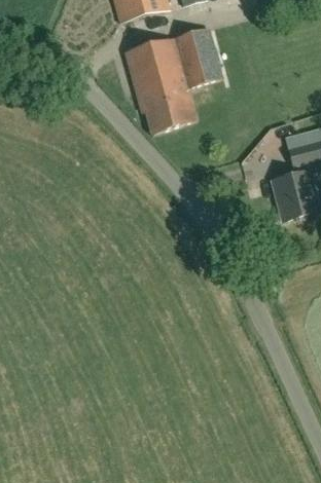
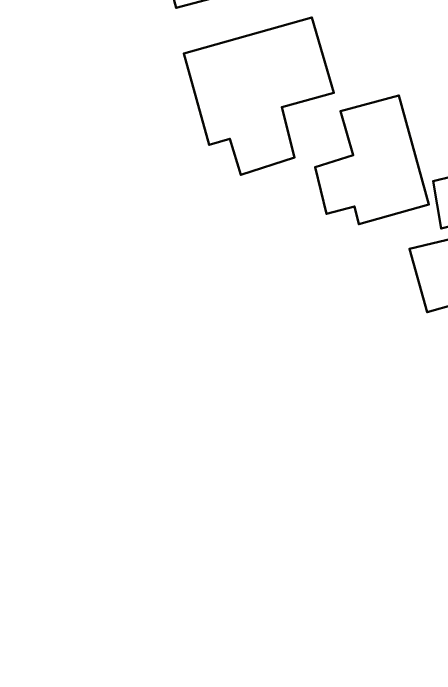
building: none -> [315,96,429,224]

